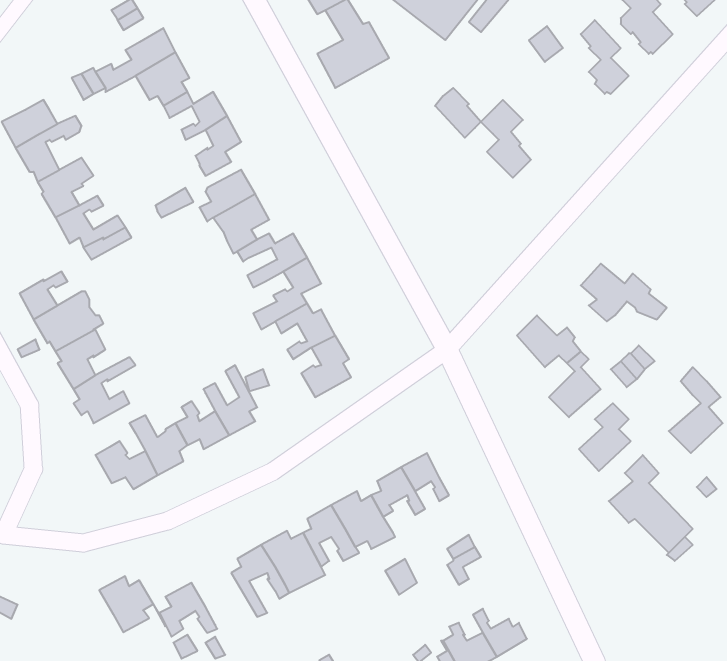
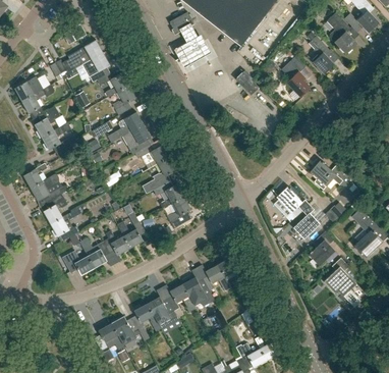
building: [481,100,531,178] -> [284,56,310,96]
building: [99,576,165,632] -> [111,316,145,344]

